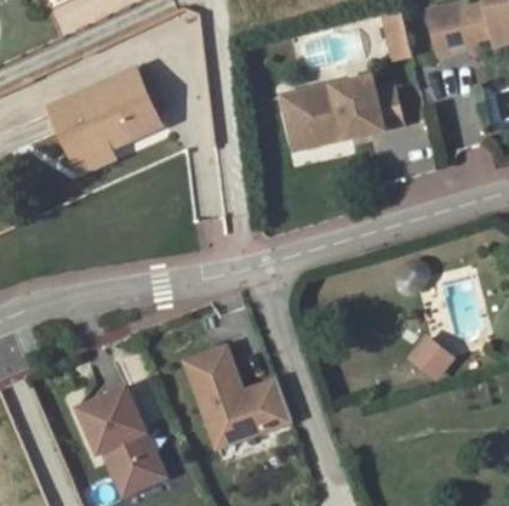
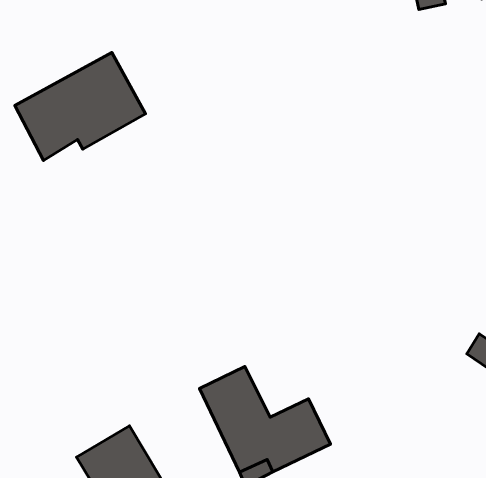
building: [285,78,410,149] -> none

